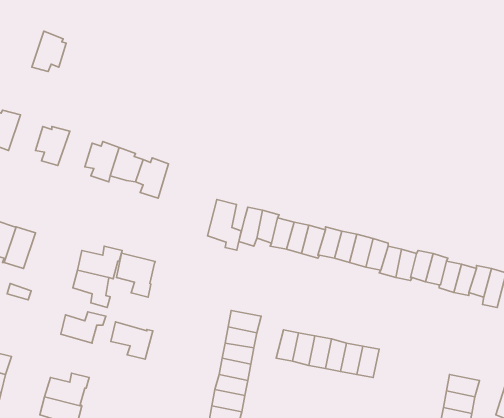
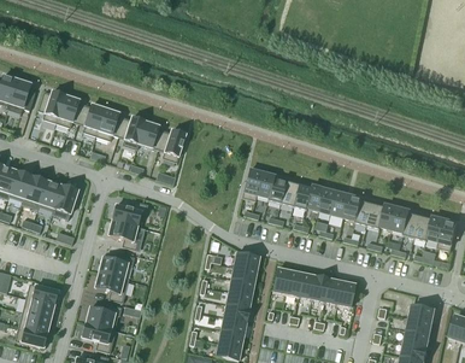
building: [32,31,66,72] -> [55,94,83,127]
building: none -> [95,107,123,140]
building: [207,200,241,250] -> none
building: [116,253,155,297] -> none
building: [111,322,153,359] -> [94,271,128,301]

